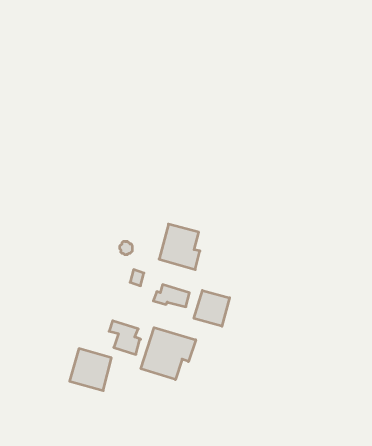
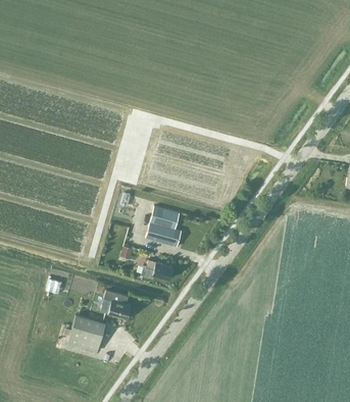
building: [194,290,230,326] -> none
building: [141,328,196,380] -> none

